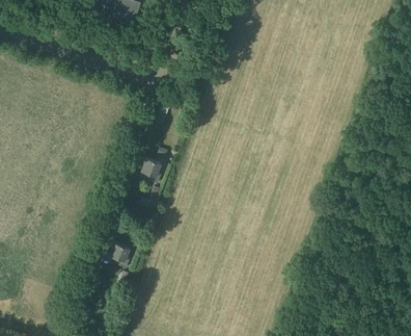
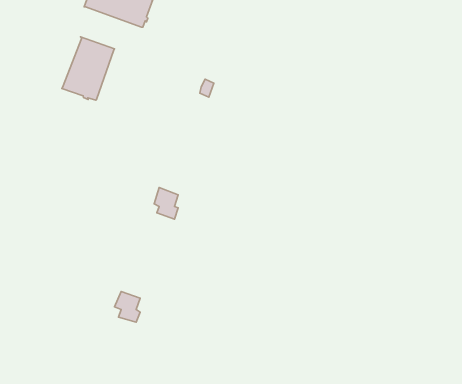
building: none -> [62,37,115,100]

